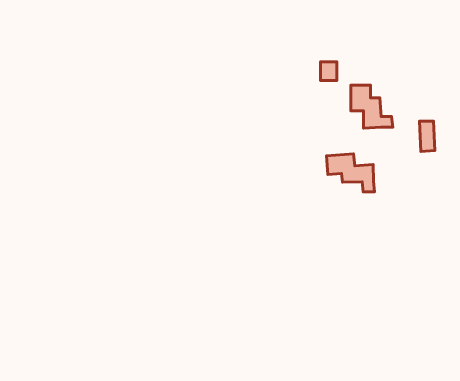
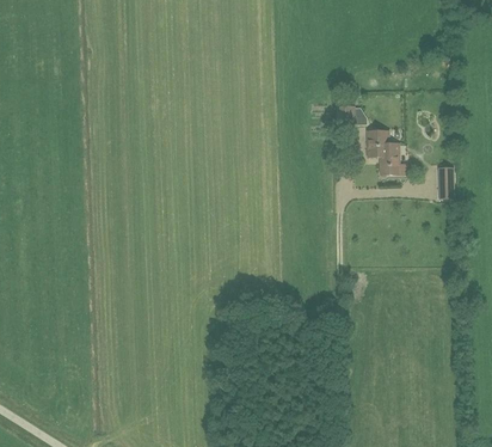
building: [326,154,374,192] -> none

